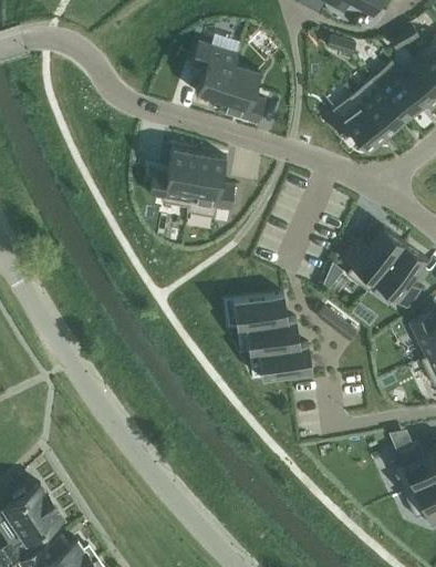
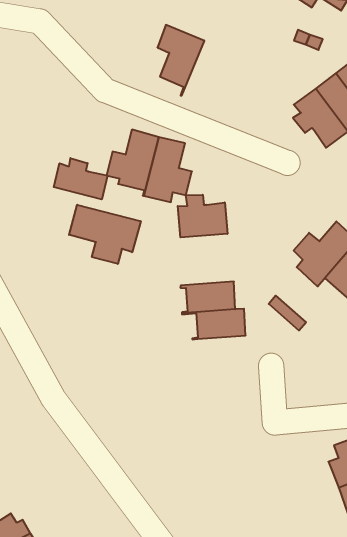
building: [218,54,264,124] -> none
building: none -> [54,158,108,199]
building: none -> [178,195,227,237]
building: none -> [69,205,141,264]
building: [246,346,312,380] -> none

